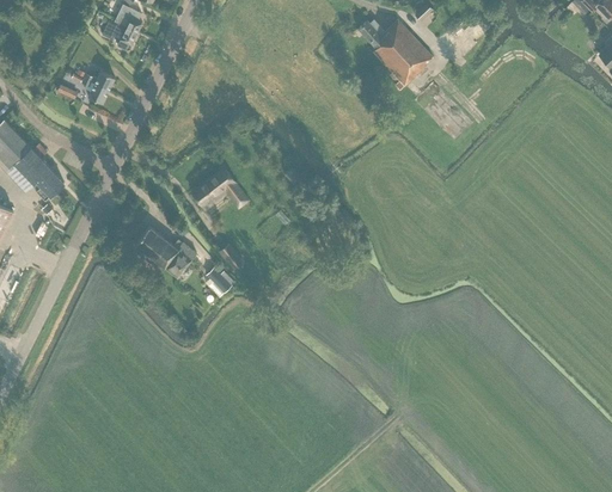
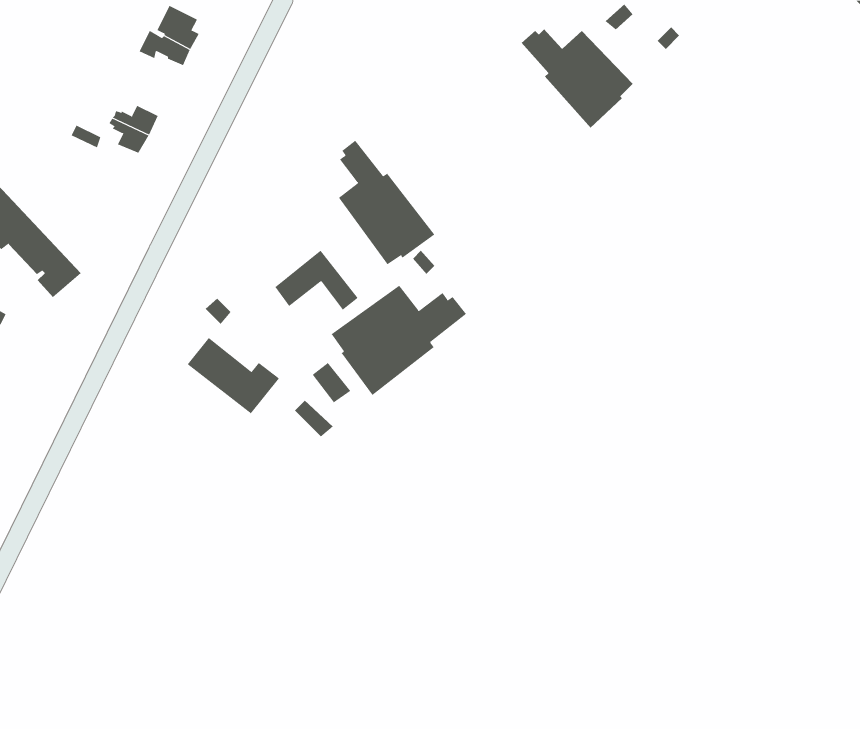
building: none -> [338,140,435,265]
building: none -> [331,285,467,396]

